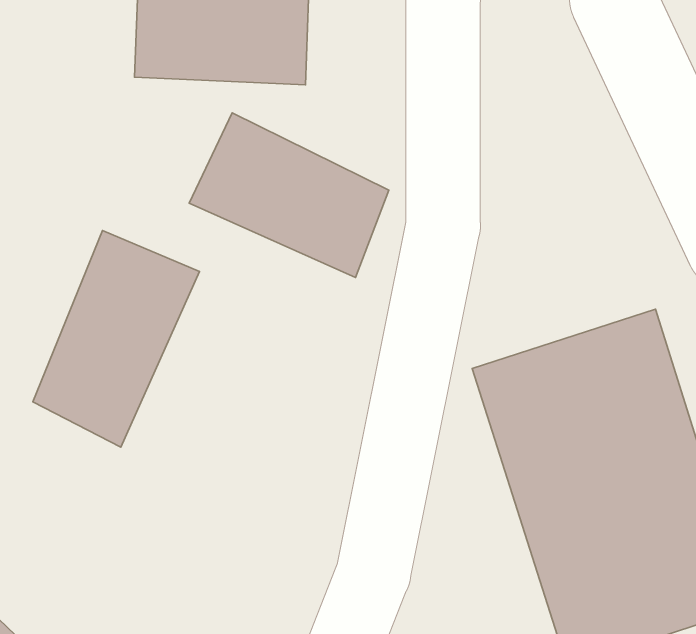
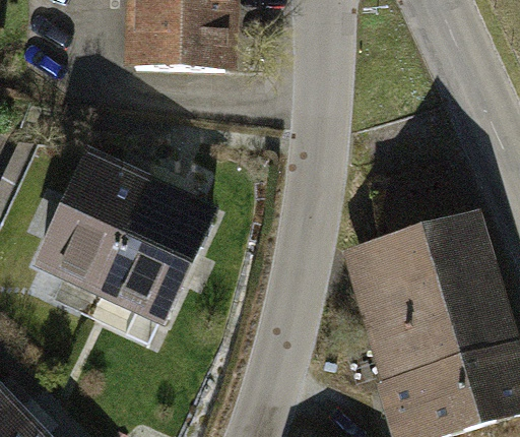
building: [189,113,389,278] -> none
building: none -> [109,184,218,332]

